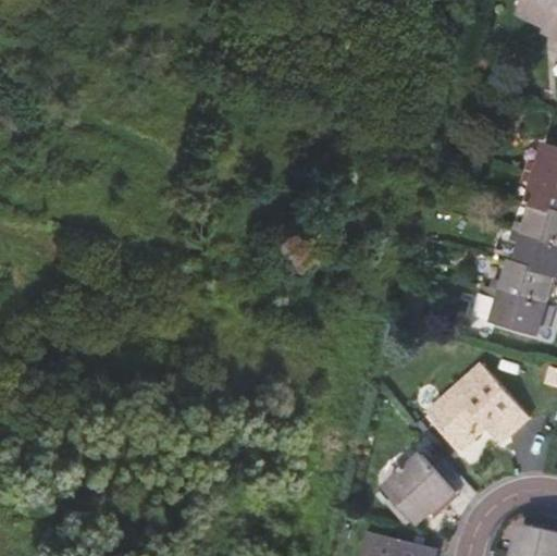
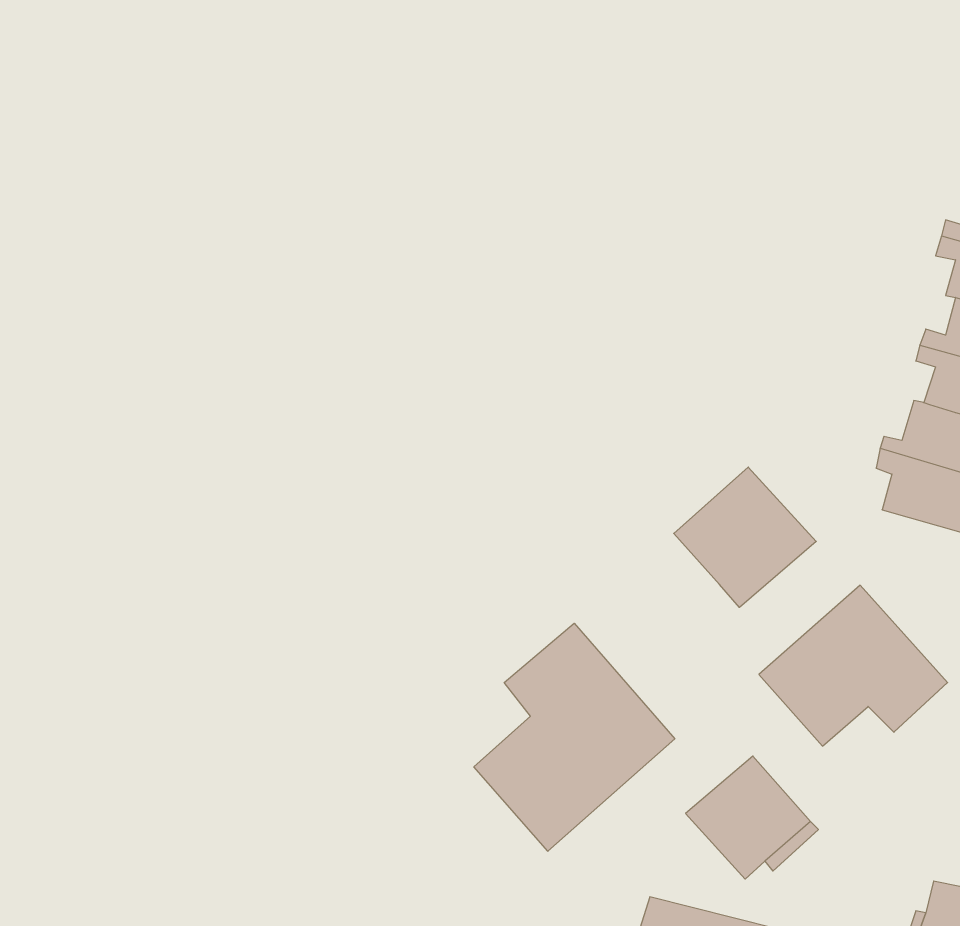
building: none -> [674,467,816,607]
building: none -> [474,623,675,851]

